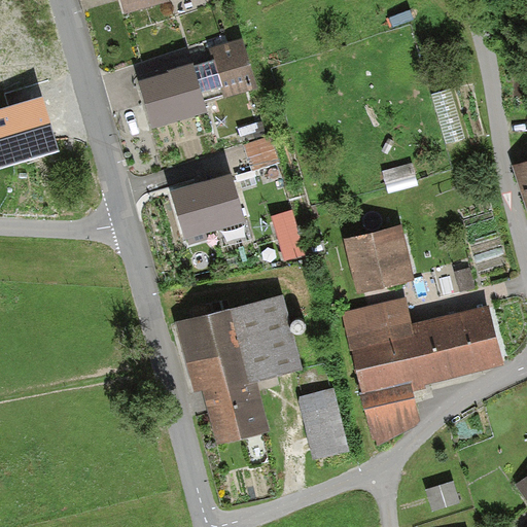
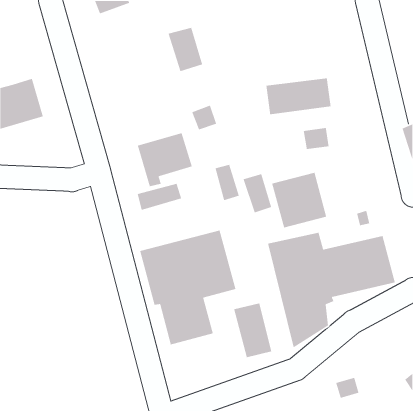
building: [138,62,207,124] -> none
building: none -> [265,77,331,115]
building: none -> [243,173,272,213]
building: none -> [137,183,182,211]

